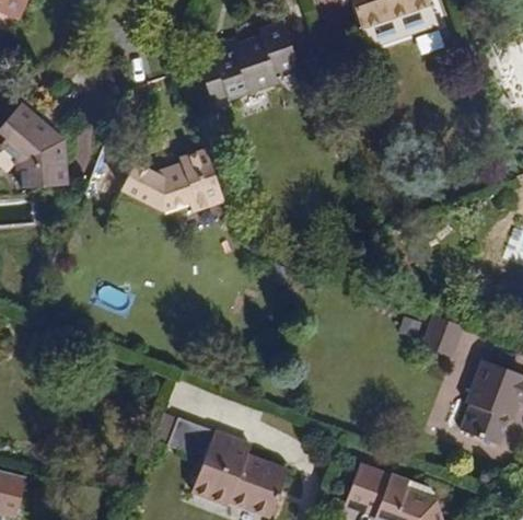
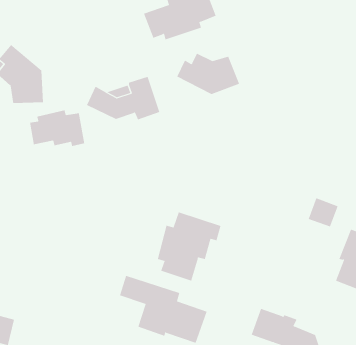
building: none -> [177,53,240,95]
building: none -> [29,109,85,147]
building: none -> [157,212,221,281]

